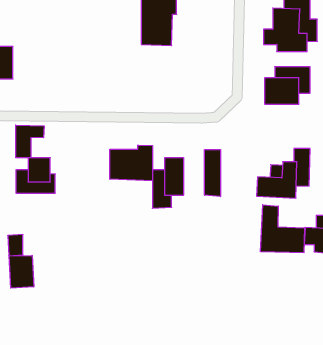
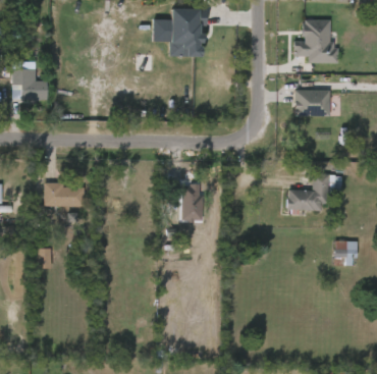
building: [16,125,44,158] -> none
building: [110,145,152,181] -> none
building: [205,150,220,197] -> none
building: [261,205,304,253] -> none
building: [9,255,34,288] -> none

